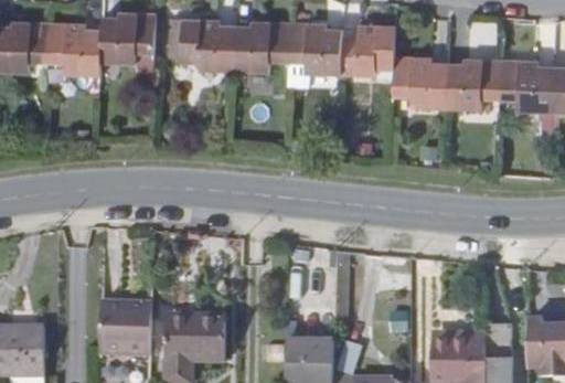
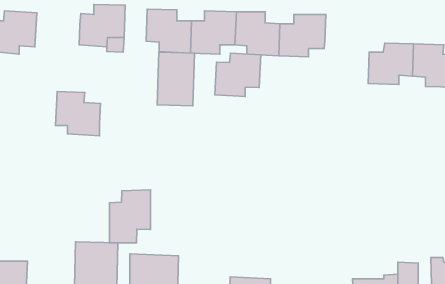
building: [51,23,105,76] -> [55,92,101,136]
building: [396,57,451,108] -> none
building: none -> [157,52,195,106]
building: none -> [215,53,261,97]
building: none -> [109,190,151,243]

